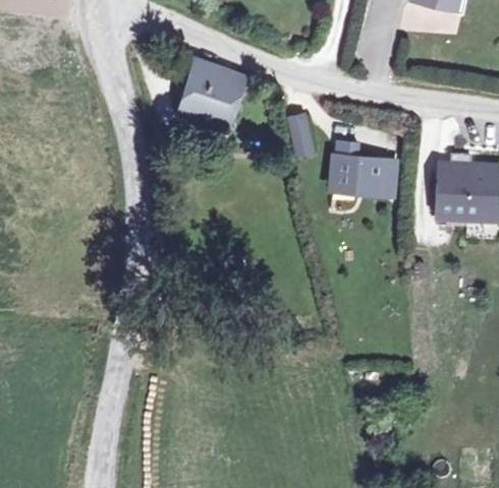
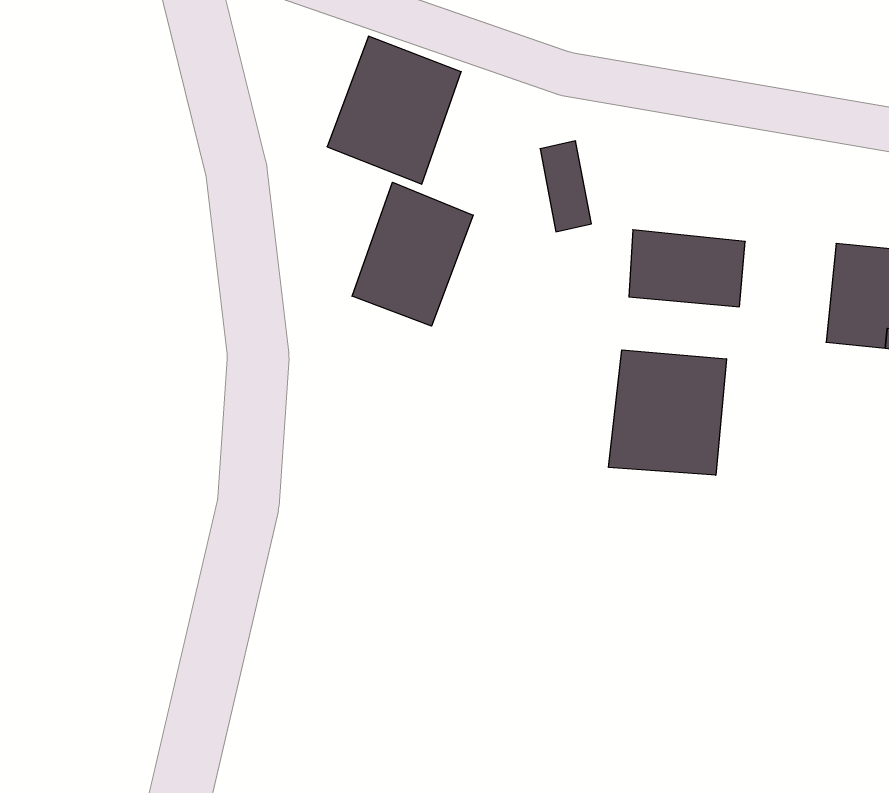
building: none -> [352,182,473,326]
building: none -> [609,350,726,475]

